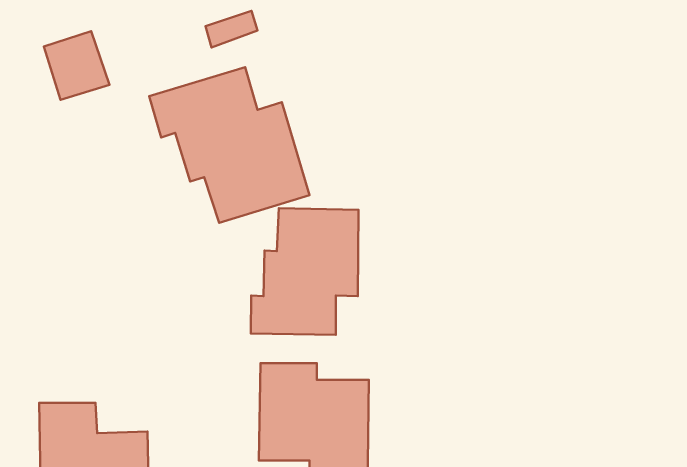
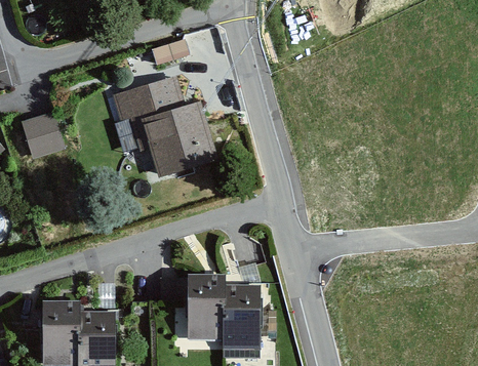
building: [44,31,109,100] -> [21,111,65,157]
building: [251,208,359,335] -> none

